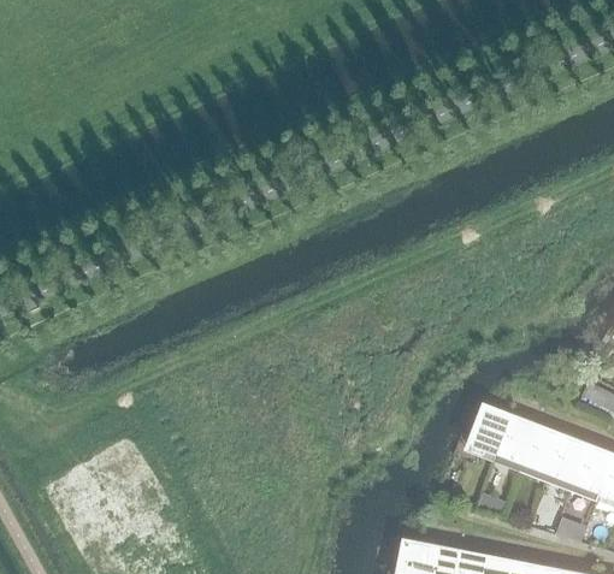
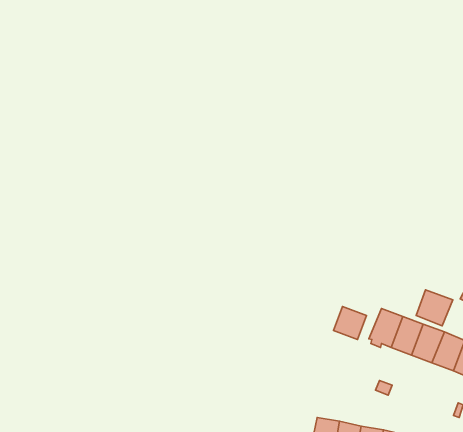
building: none -> [416,290,453,326]
building: none -> [333,307,367,340]

